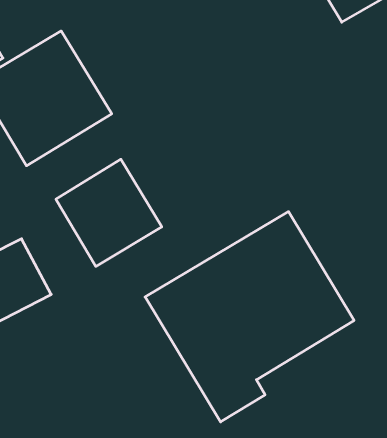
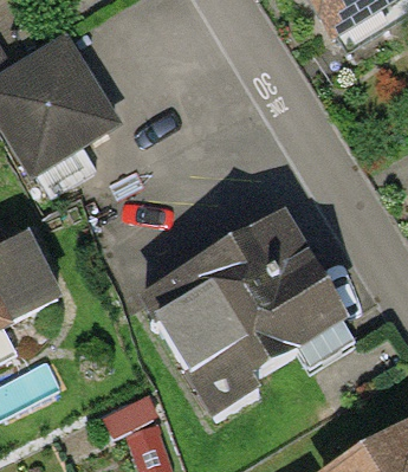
building: [56,159,162,266] -> none

